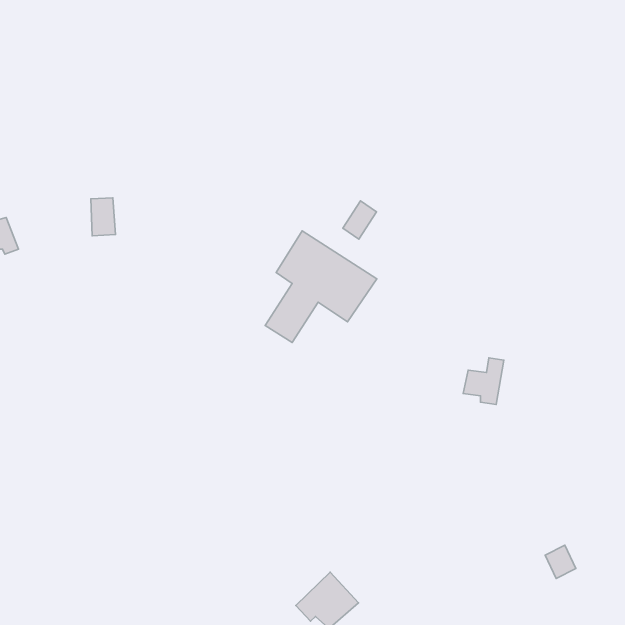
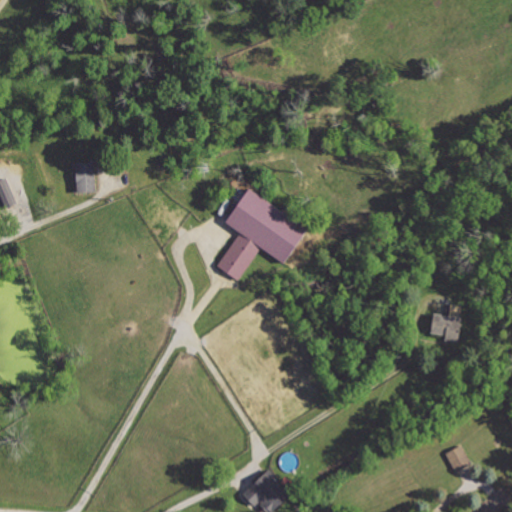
building: [343,201,376,239] -> none
building: [463,358,504,405] -> [429,305,462,343]

